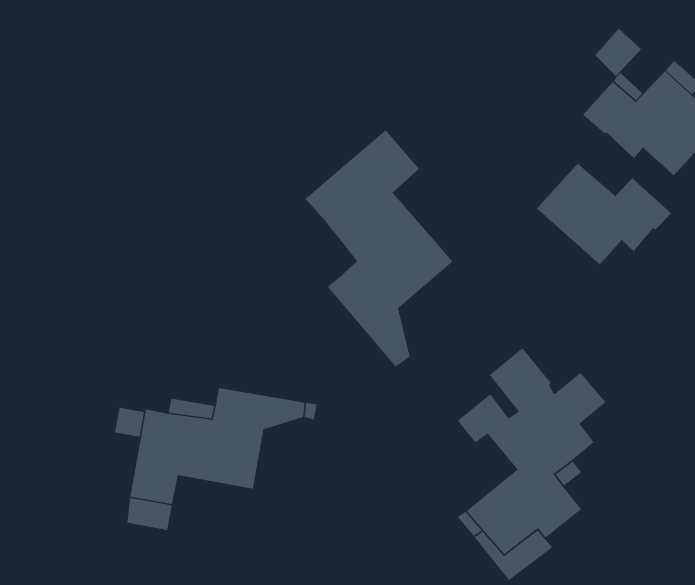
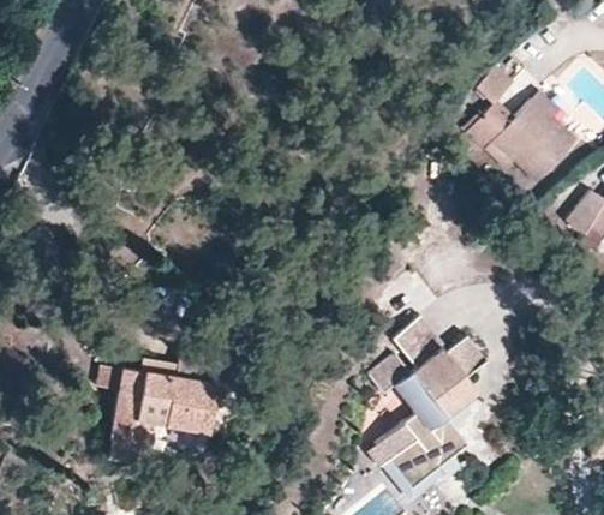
building: [304,129,453,368] -> none
building: [536,163,672,265] -> none

